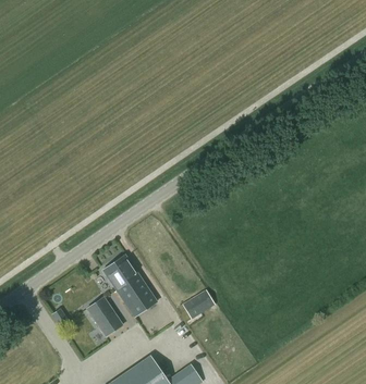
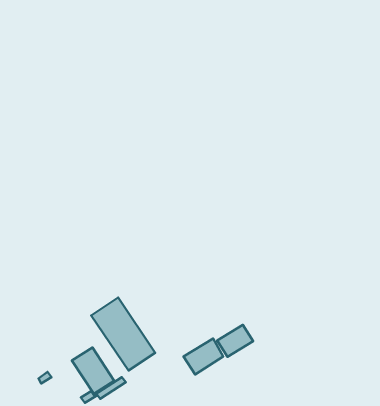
building: none -> [217,325,253,357]

